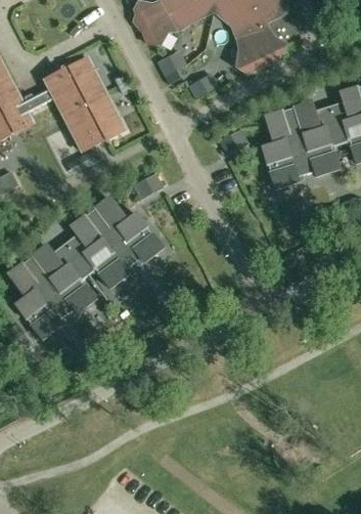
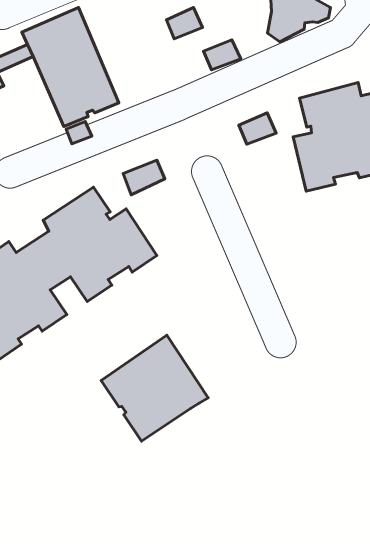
building: none -> [101,335,208,441]

